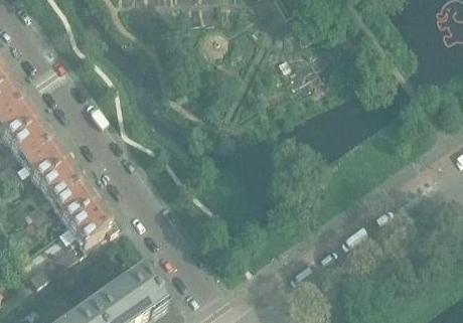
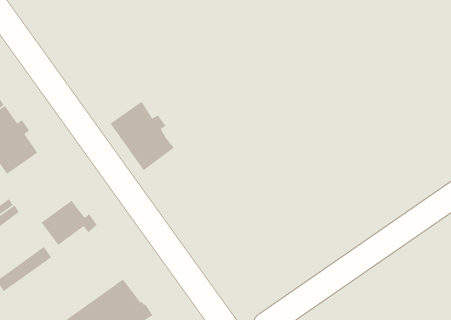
building: [37,157,94,217] -> [110,101,175,171]

